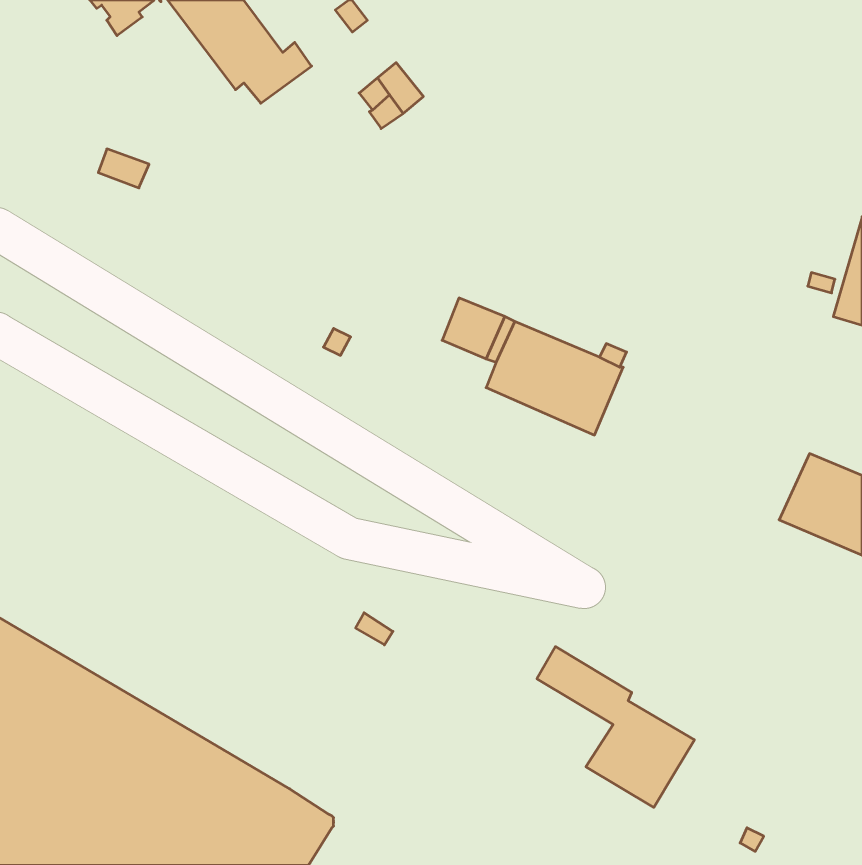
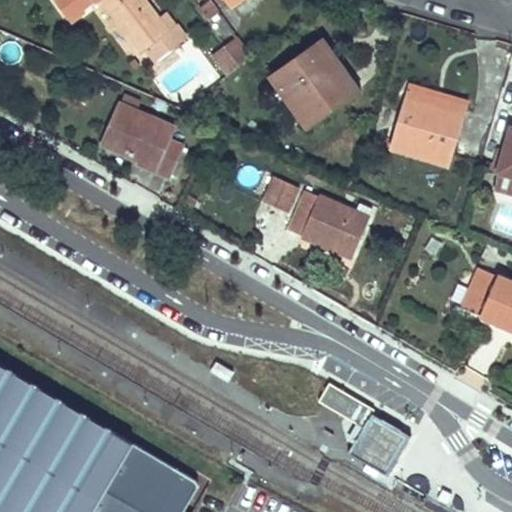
building: none -> [269,39,358,128]
building: none -> [389,85,467,165]
building: none -> [102,96,180,177]

